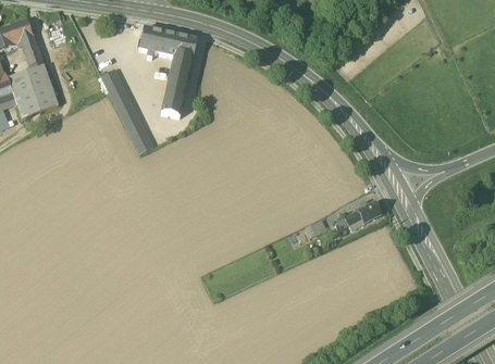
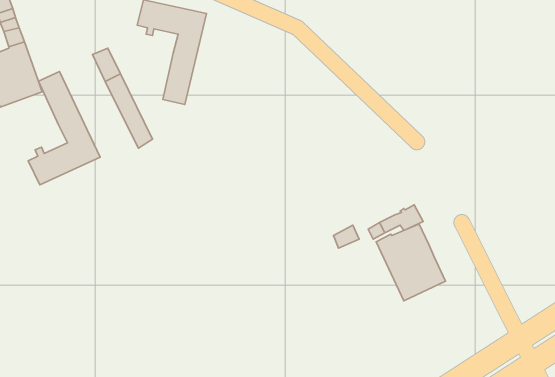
building: none -> [28,71,100,185]
building: none -> [376,223,445,301]

